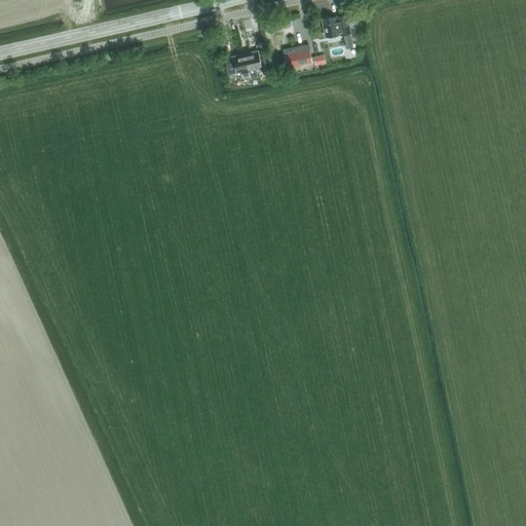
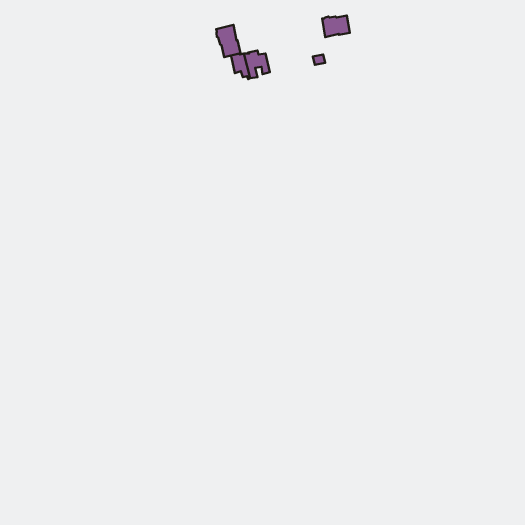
building: none -> [216,25,241,57]
building: [281,45,311,69] -> none

